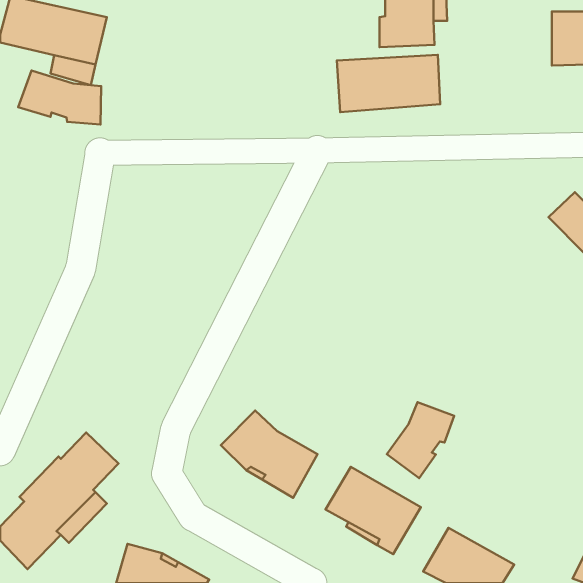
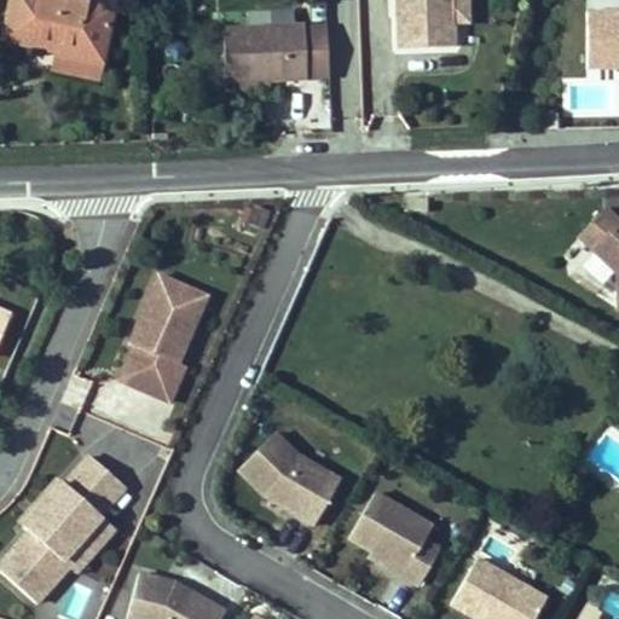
building: [337,55,440,112] -> [225,25,334,86]
building: [18,71,101,124] -> none
building: none -> [125,265,213,393]
building: [387,402,454,478] -> none

